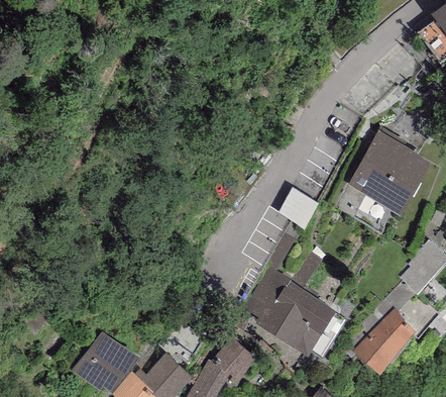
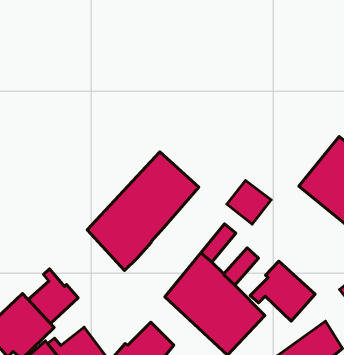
building: none -> [87,152,199,271]
building: none -> [250,261,315,321]
building: none -> [28,269,78,324]

